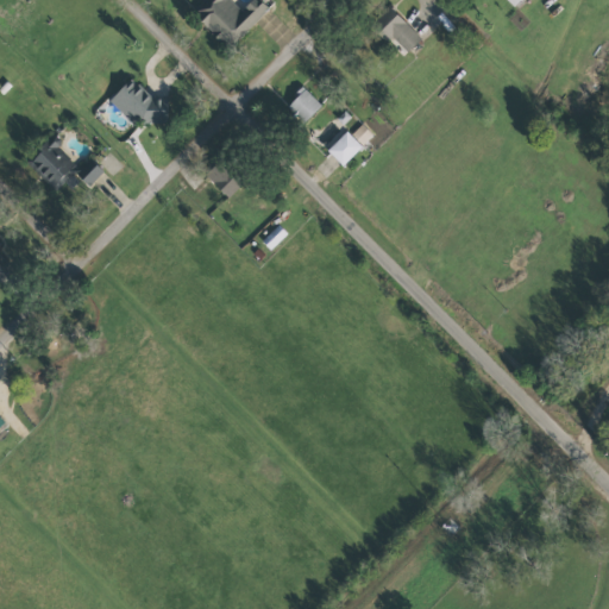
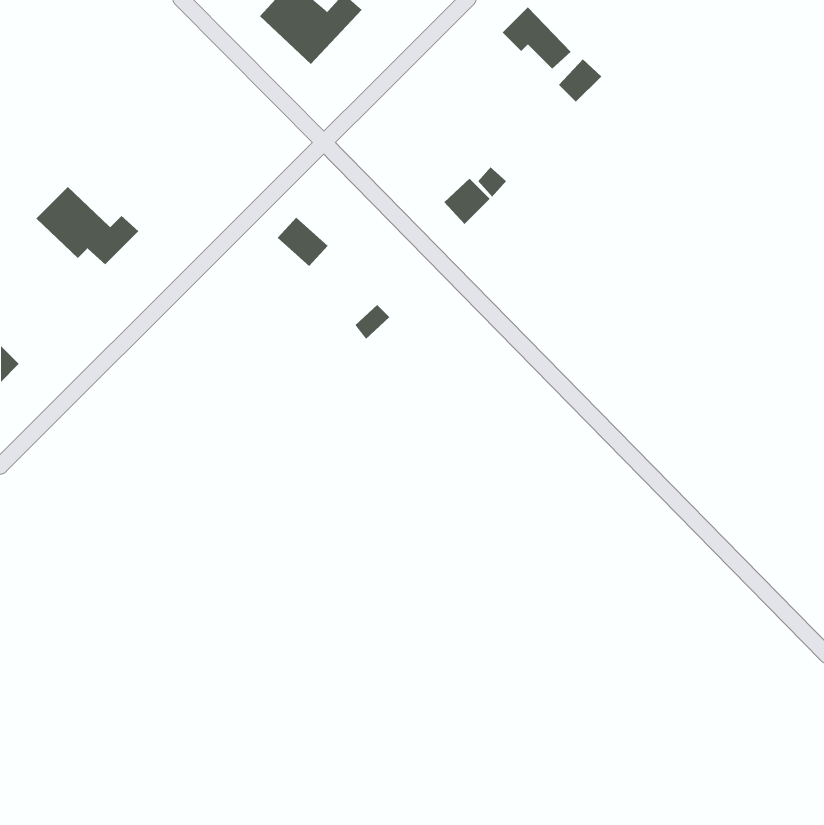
building: none -> [558,59,602,103]
building: [111,77,164,125] -> none
building: [287,87,322,123] -> none

